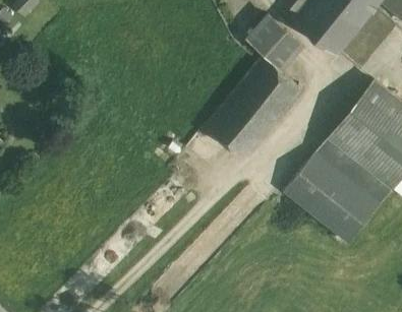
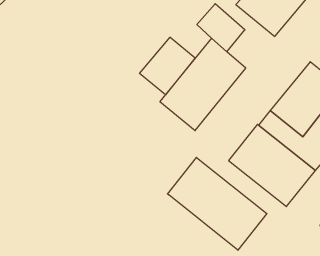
building: none -> [140,37,195,95]
building: none -> [167,157,267,250]

